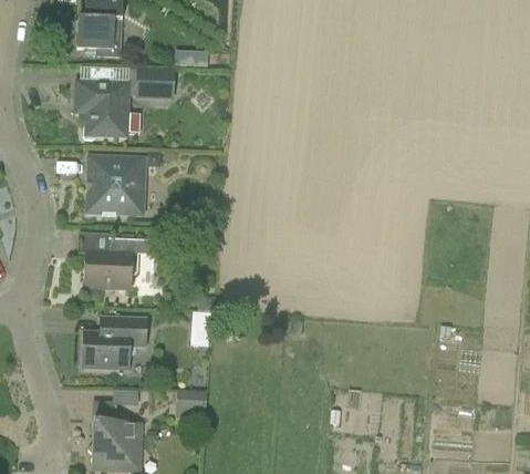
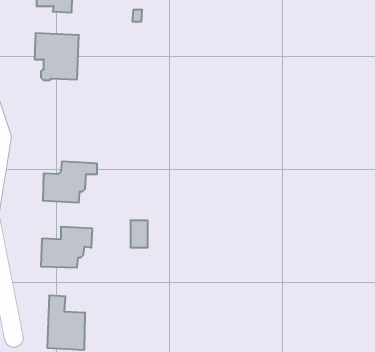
building: [134,69,174,99] -> none
building: [89,156,144,216] -> none
building: [175,390,205,415] -> none

